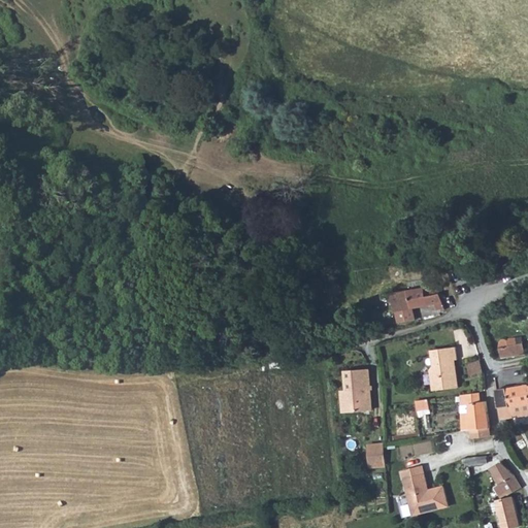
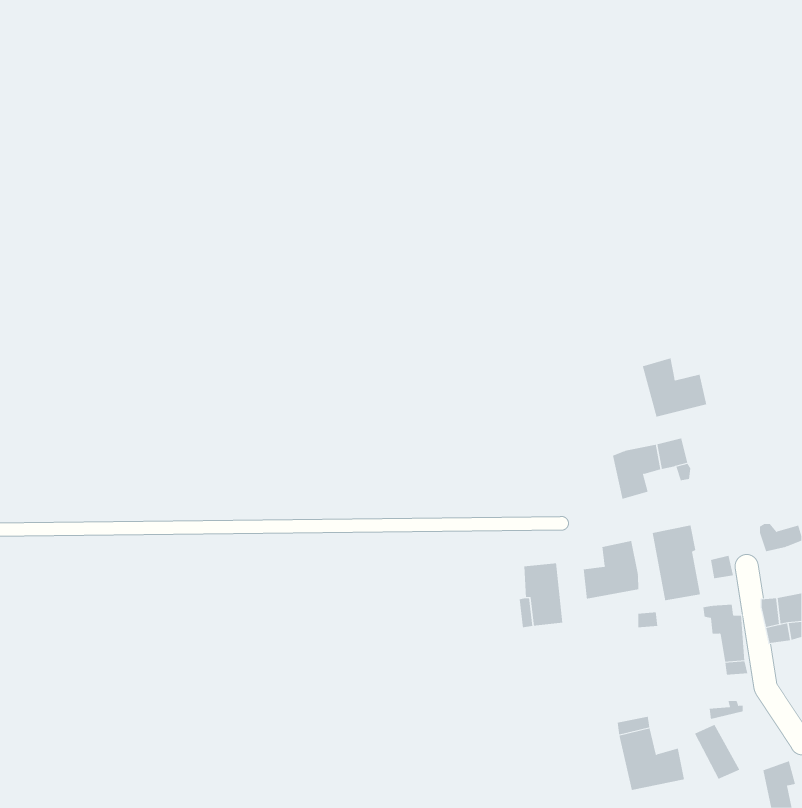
building: none -> [642,358,707,417]
building: none -> [583,540,639,599]
building: [363,443,386,467] -> none
building: [489,460,519,496] -> [694,724,740,779]

